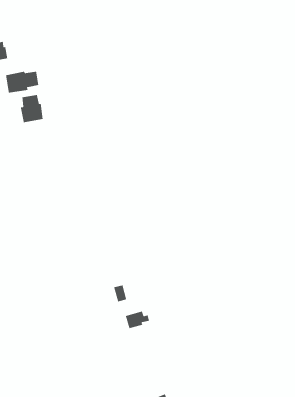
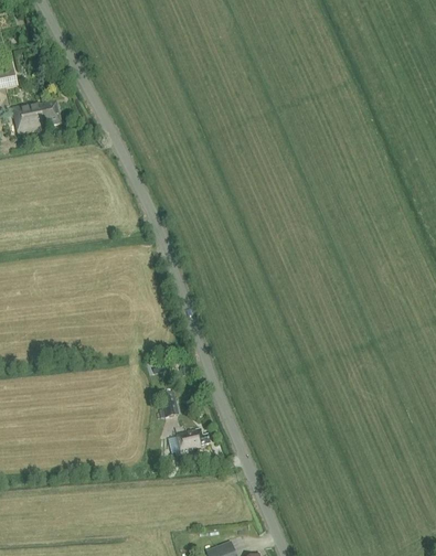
building: [20,94,44,123] -> none

